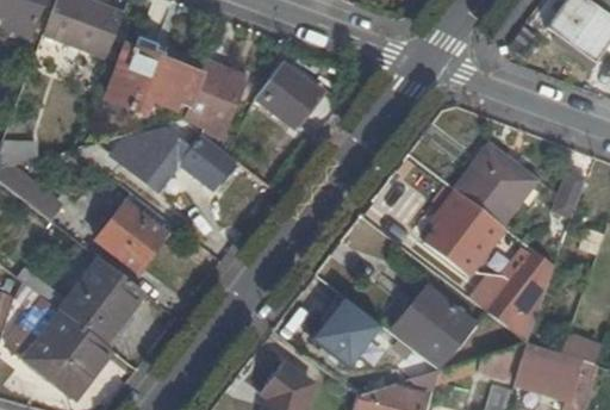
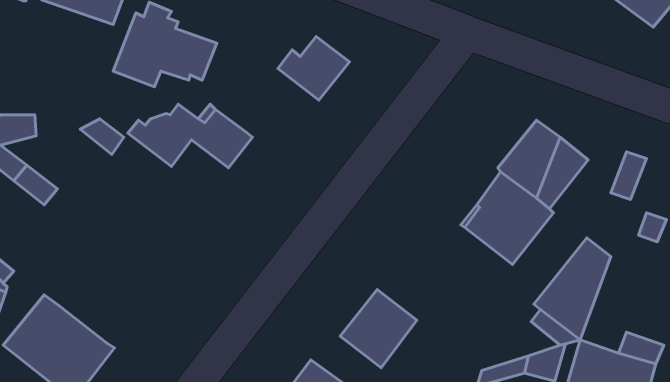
building: [188,60,250,138] -> none
building: [95,201,164,269] -> none
building: [60,259,144,344] -> none
building: [392,281,474,362] -> none

